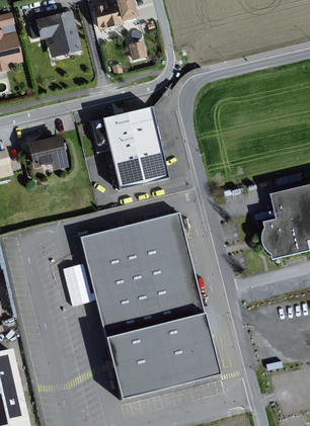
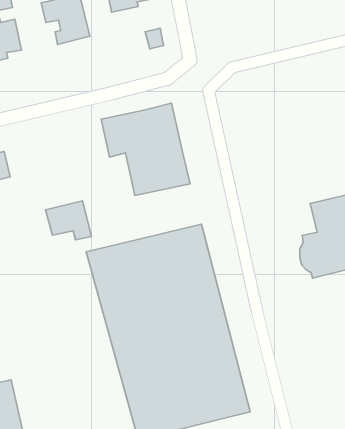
building: [28,135,69,169] -> [45,201,92,240]

